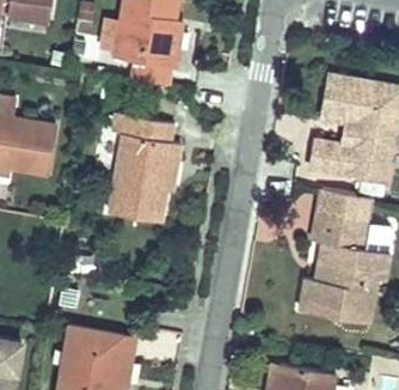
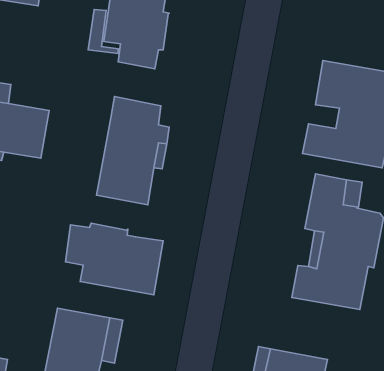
building: none -> [65,223,163,295]

